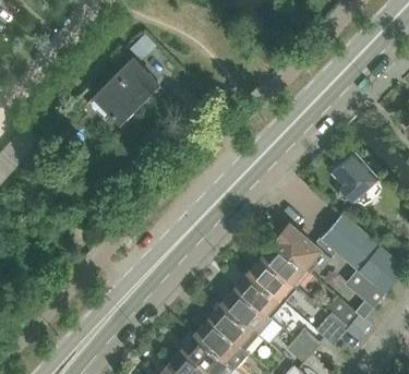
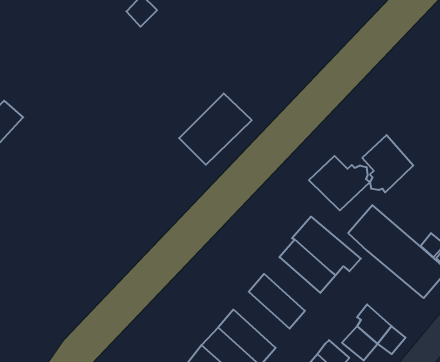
building: [95,59,157,120] -> [179,93,252,165]
building: none -> [309,156,370,210]
building: [248,257,296,303] -> none
building: [344,268,384,306] -> none
building: [221,287,270,335] -> none

